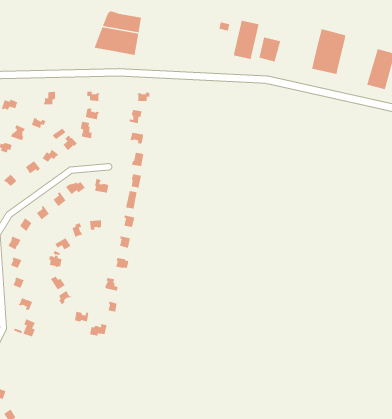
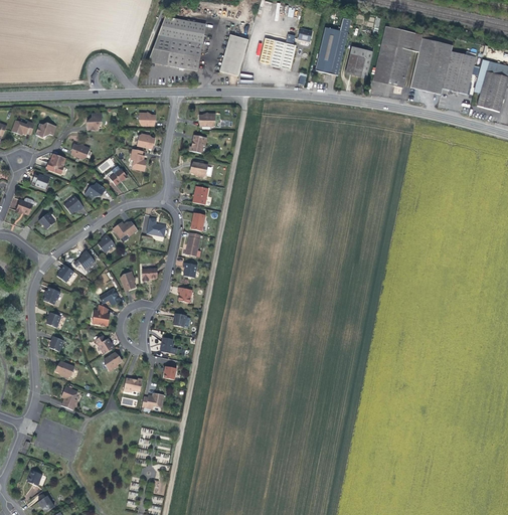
building: none -> [372,25,421,88]
building: none -> [220,35,247,76]
building: none -> [270,40,296,70]
building: none -> [442,50,475,94]

